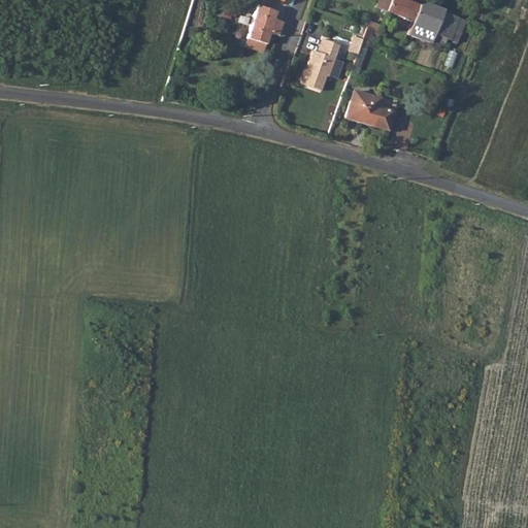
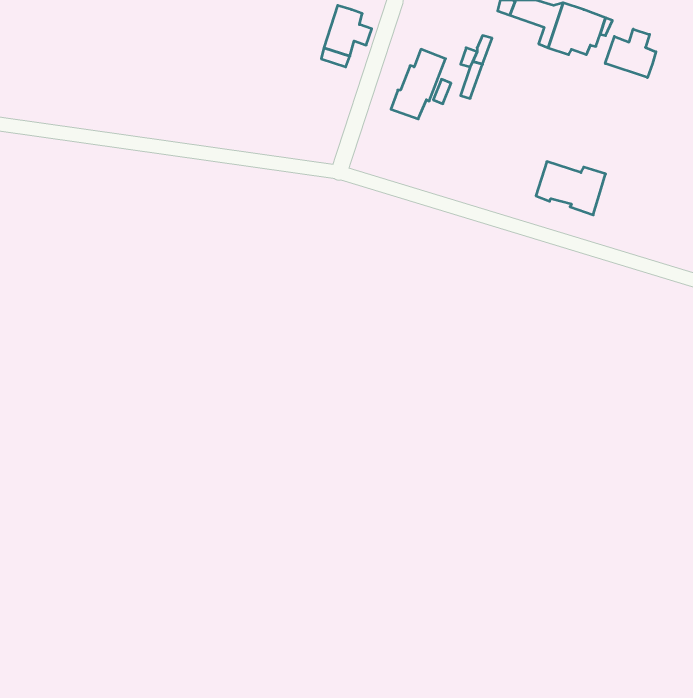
building: none -> [605,29,656,78]
building: [346,89,399,129] -> [536,162,606,215]

